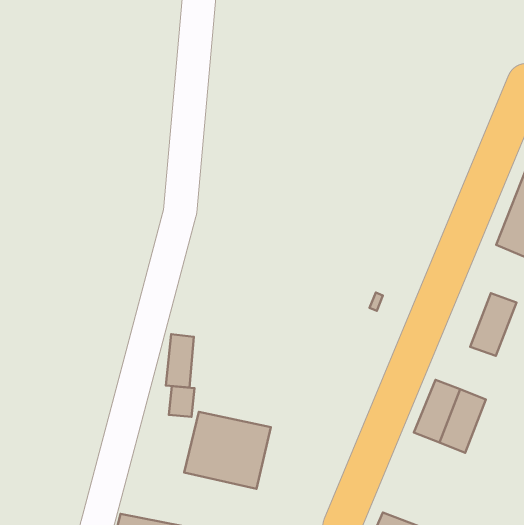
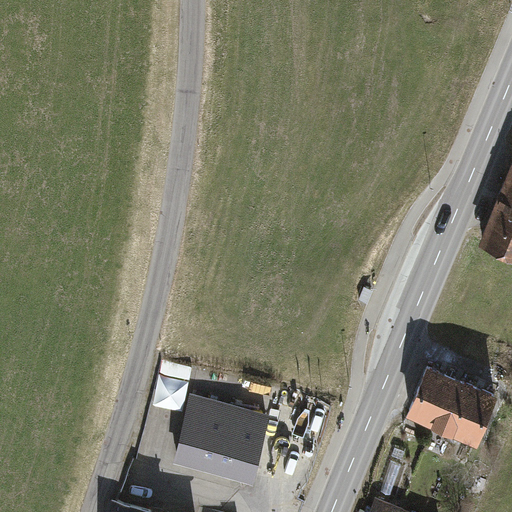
building: [470,293,517,356] -> [454,389,499,450]
building: [166,334,194,388] -> none

